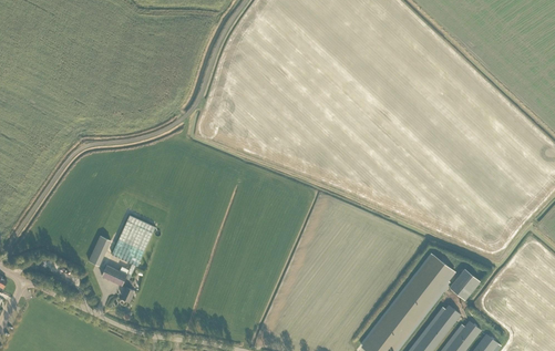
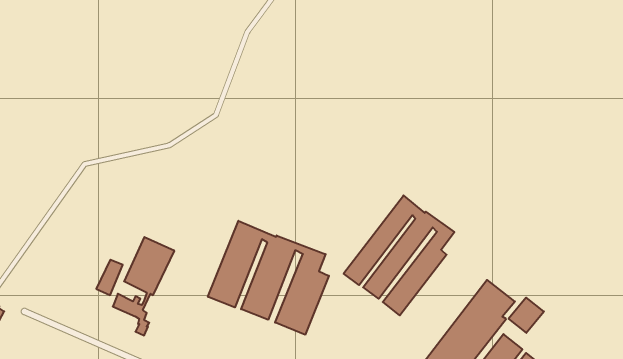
building: none -> [344,195,454,315]
building: none -> [208,221,329,335]

